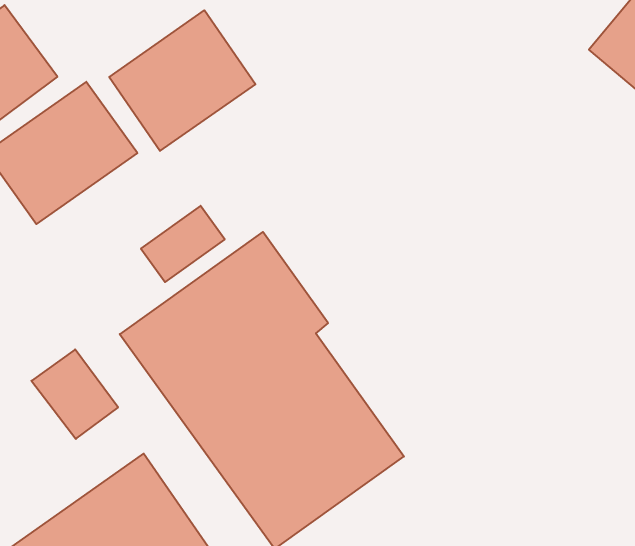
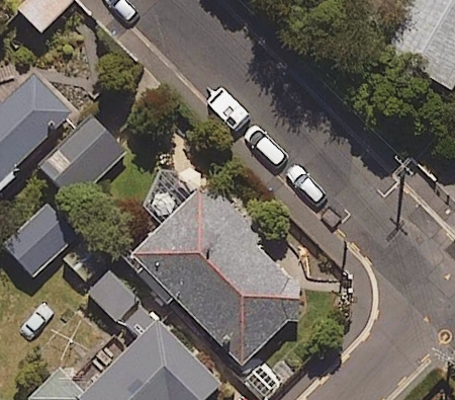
building: [109,10,255,151] -> none

